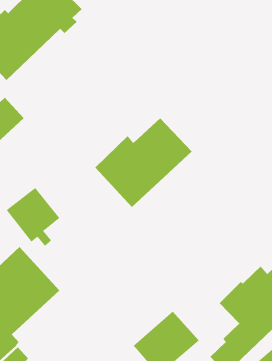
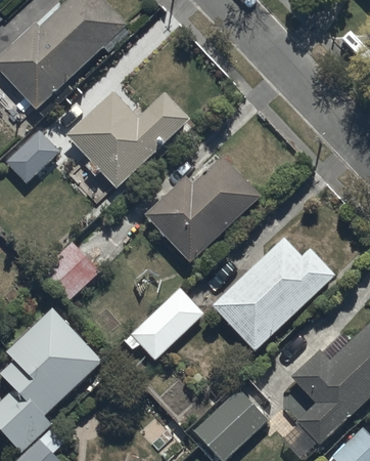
building: none -> [67,89,188,186]
building: none -> [211,236,336,350]
building: none -> [123,288,203,361]

